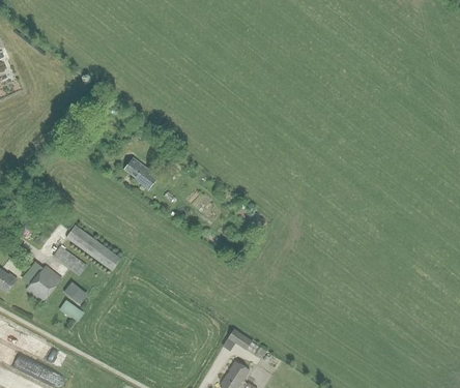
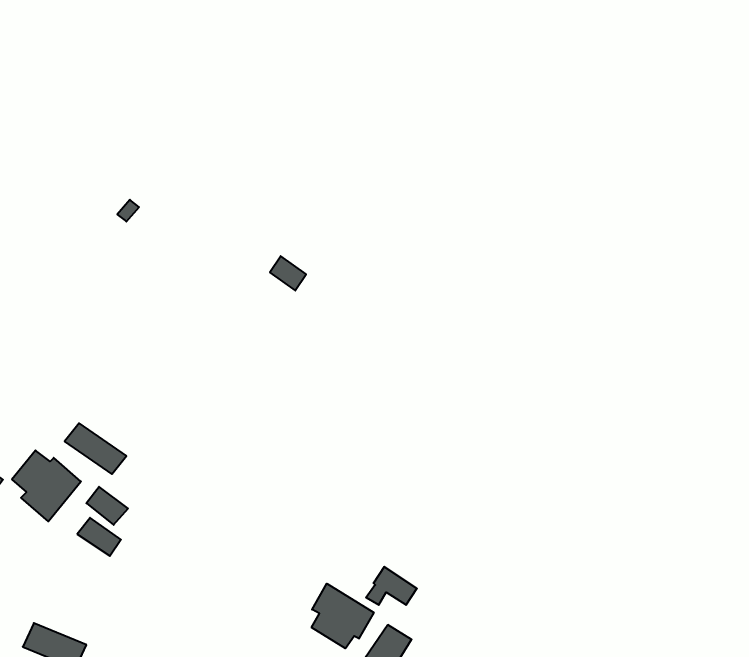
building: [124,157,159,190] -> none
building: [66,226,120,270] -> none
building: none -> [312,584,374,648]

